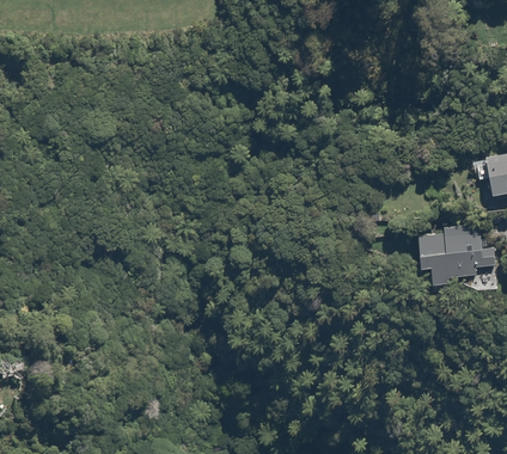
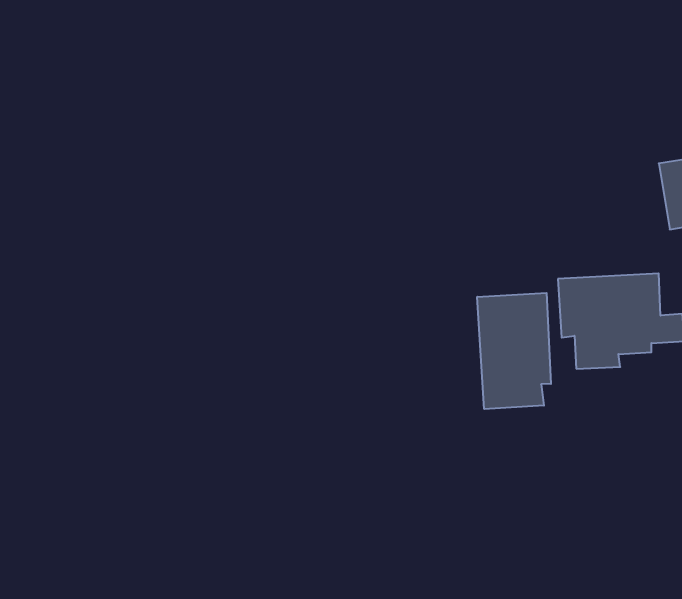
building: none -> [477,293,551,409]

